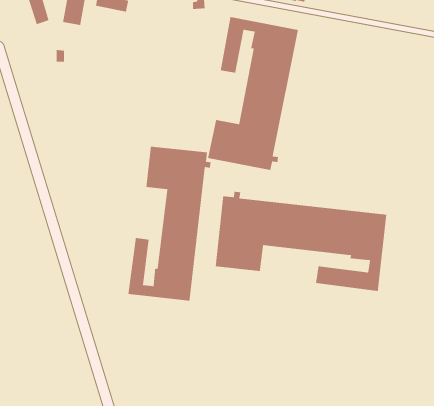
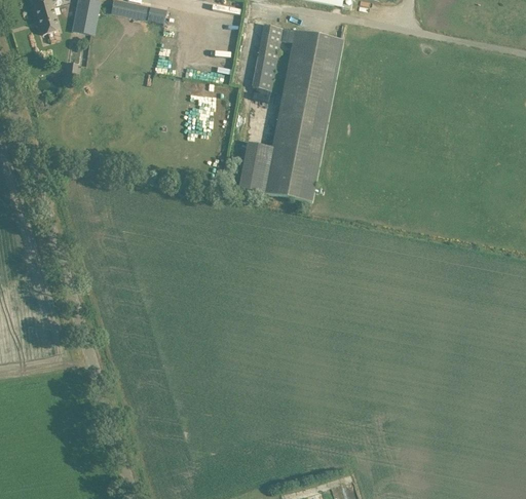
building: [127,146,212,301] -> none
building: [215,191,387,292] -> none

